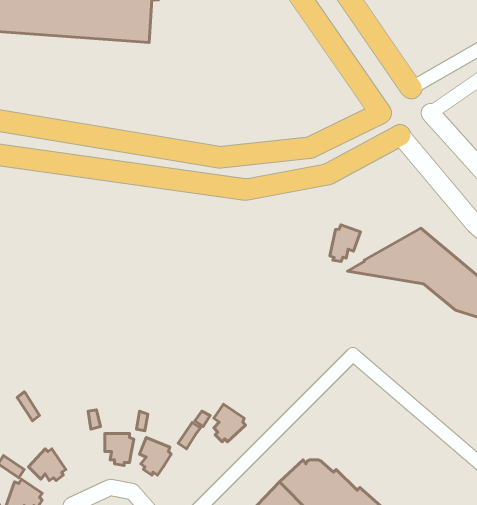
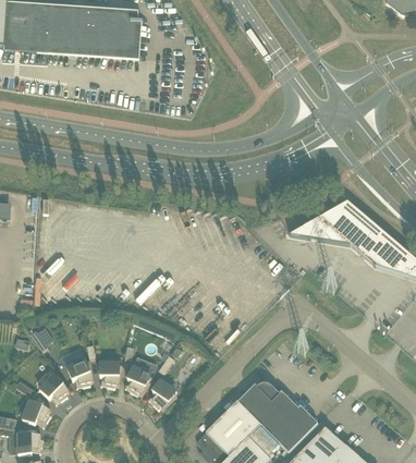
building: [330,225,360,262] -> none
building: [214,404,246,442] -> [151,379,176,409]
building: none -> [66,358,93,386]

